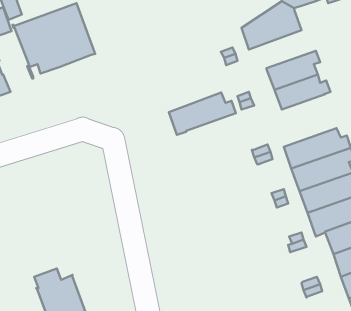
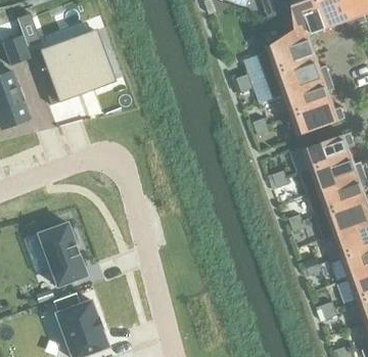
building: [169,93,236,135] -> [265,57,331,99]
building: none -> [302,133,355,170]
building: none -> [37,223,85,286]

